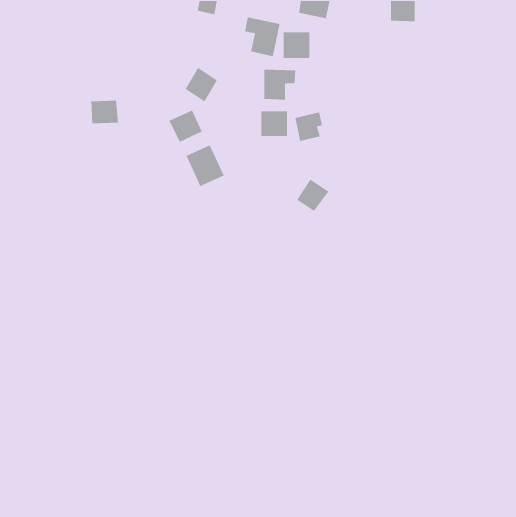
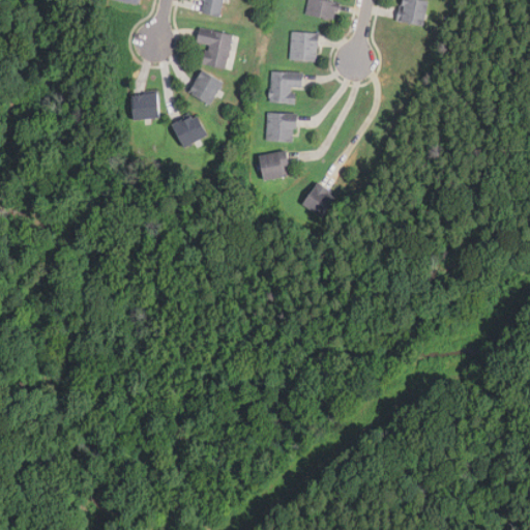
building: [244,16,281,57] -> [196,28,233,69]
building: [90,100,119,124] -> [130,94,159,119]
building: [294,112,323,142] -> [259,150,288,181]
building: [185,144,225,187] -> none

